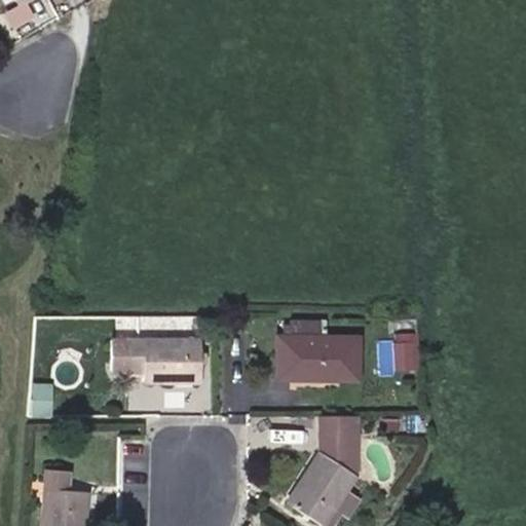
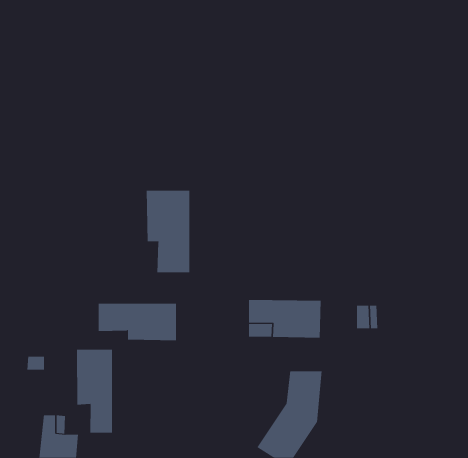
building: none -> [146,190,190,273]
building: none -> [77,349,112,434]

